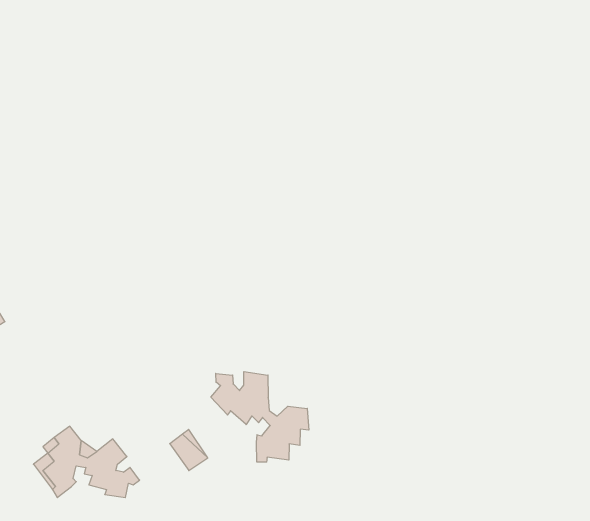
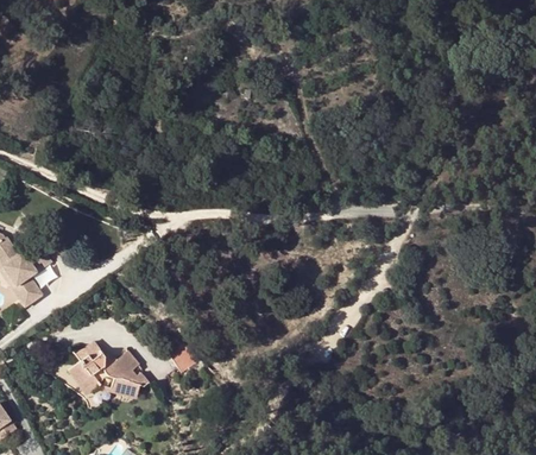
building: [211,372,309,462] -> none

